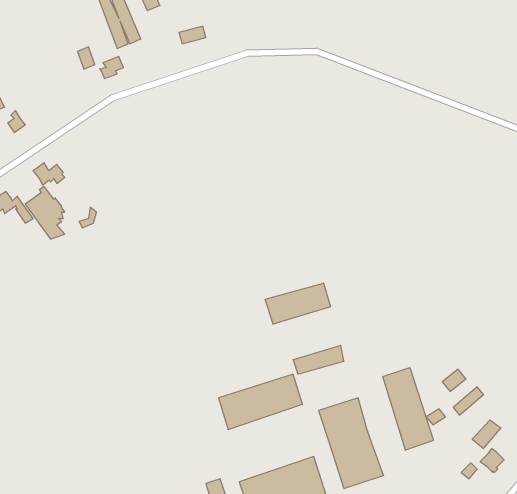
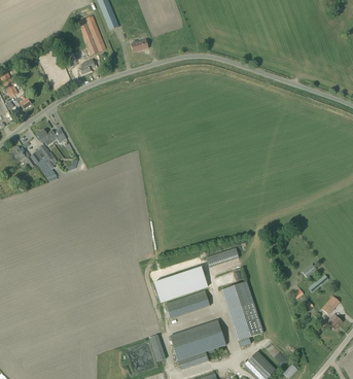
building: [265,283,331,324] -> none
building: [383,368,434,450] -> none
building: none -> [166,290,210,318]

